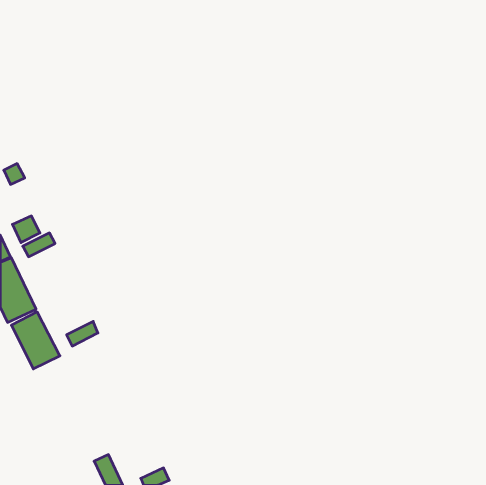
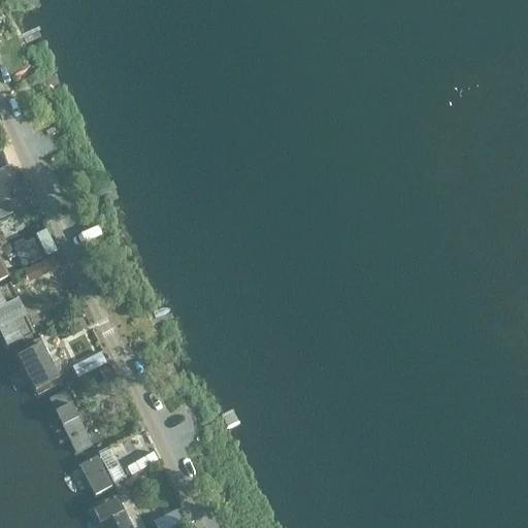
building: none -> [47,391,95,459]
building: none -> [77,454,114,497]

